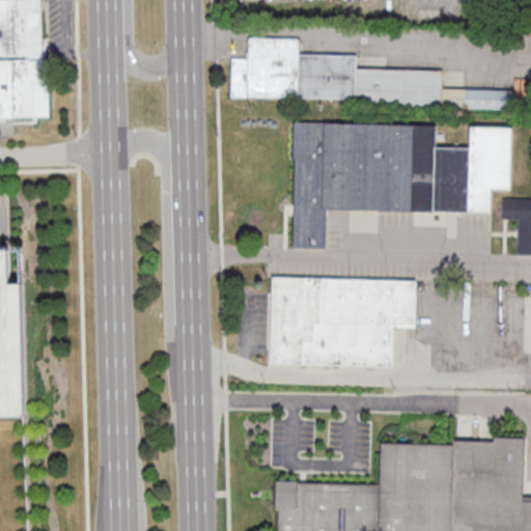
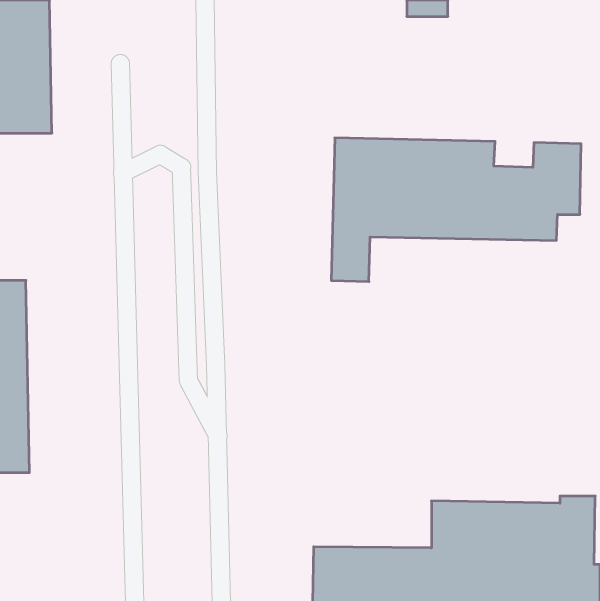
building: [229,37,441,103] -> none
building: [270,278,415,366] -> none

